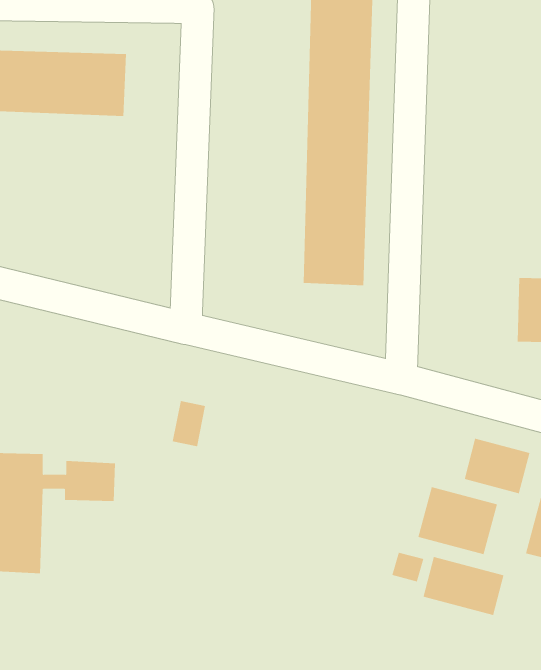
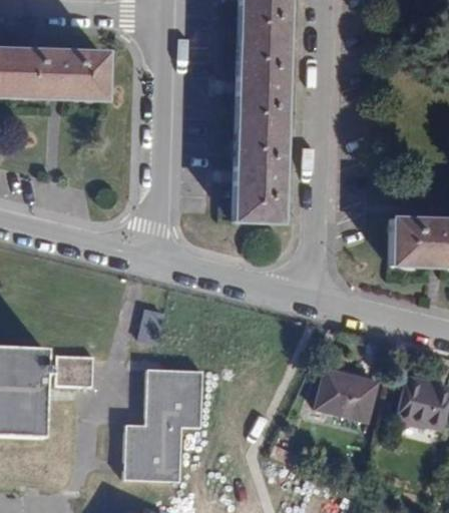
building: [464,438,530,494] -> none
building: none -> [126,369,203,479]
building: [423,556,504,616] -> none

